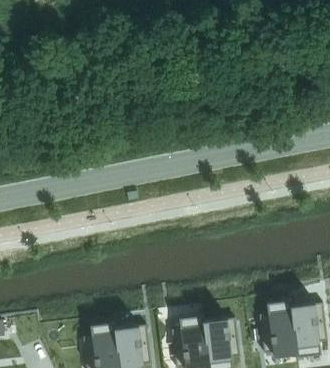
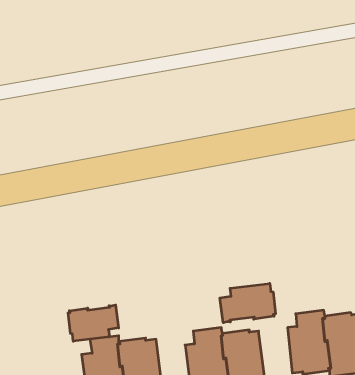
building: none -> [220,283,275,323]
building: none -> [68,305,119,341]

